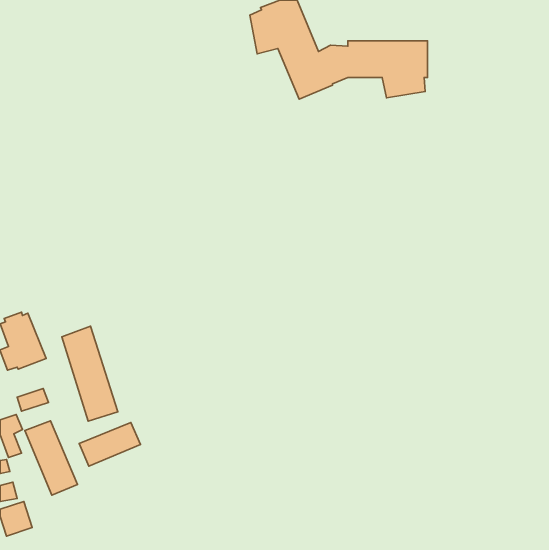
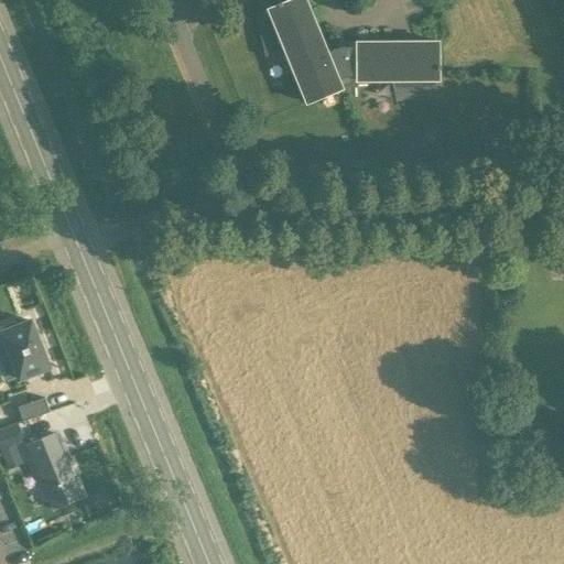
building: [62,326,118,421] -> none
building: [79,423,141,466] -> none

